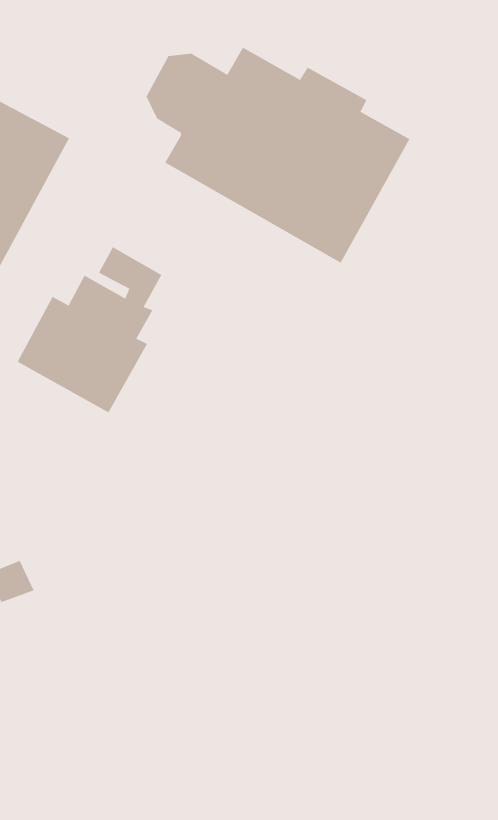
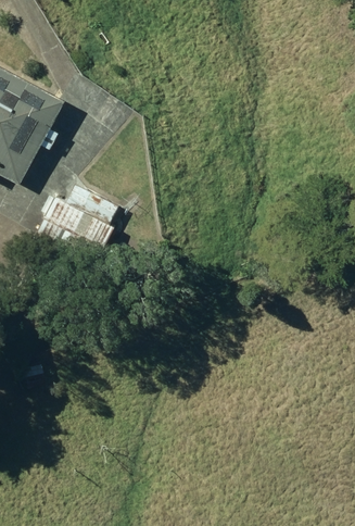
building: [146,47,410,263] -> none

